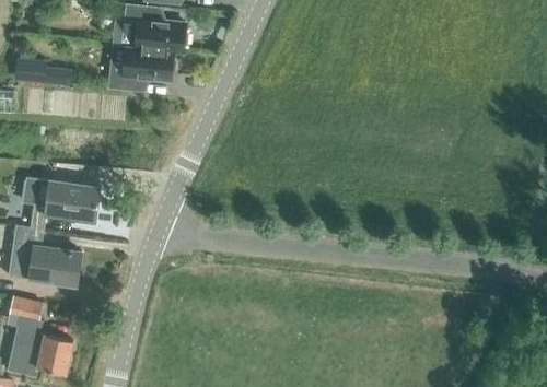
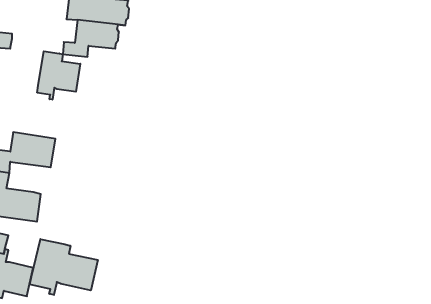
building: none -> [37,51,80,100]
building: none -> [30,239,98,295]

